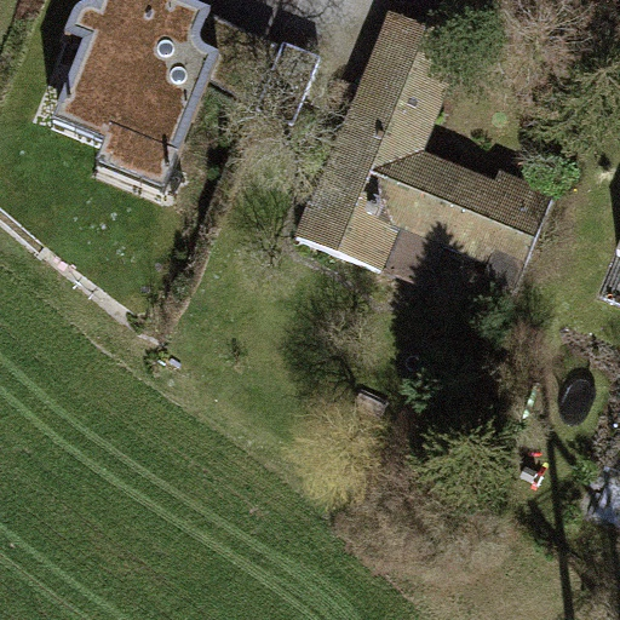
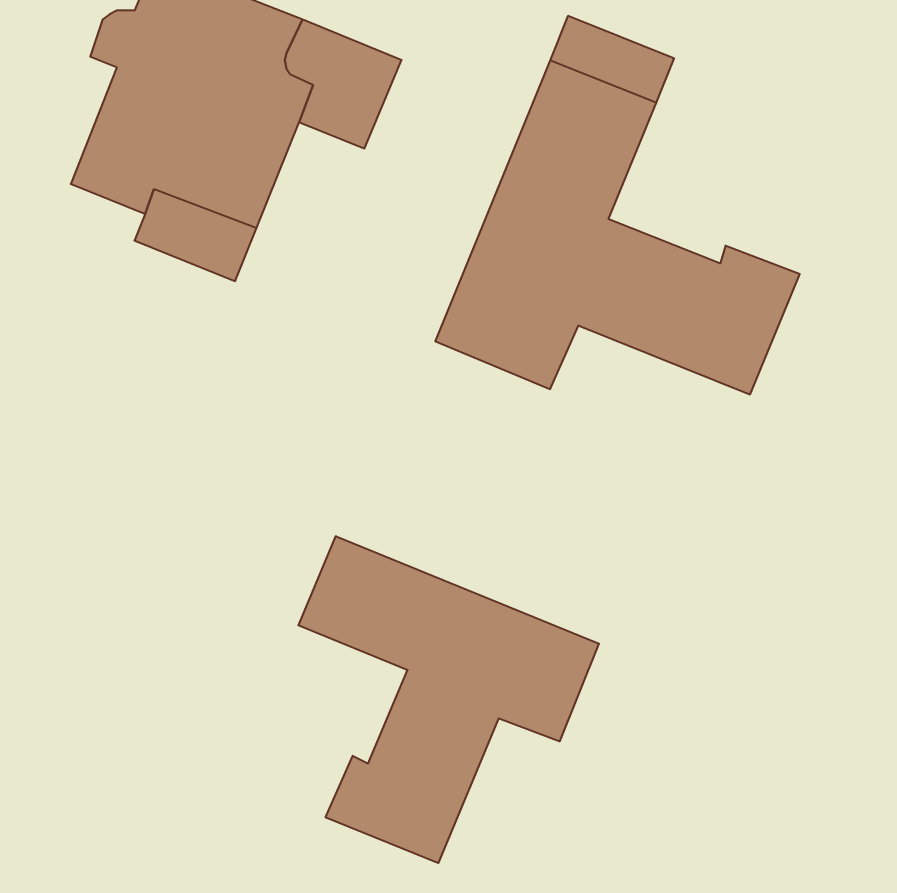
building: none -> [298,536,599,863]

